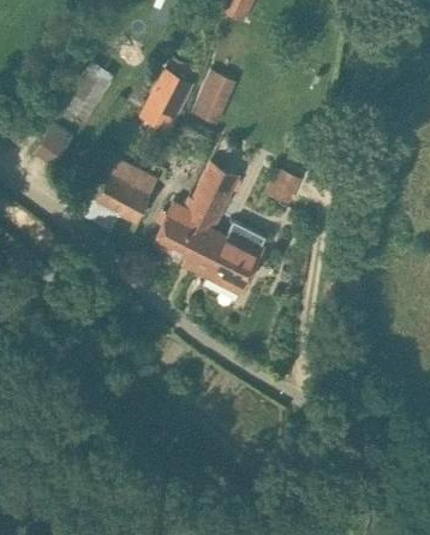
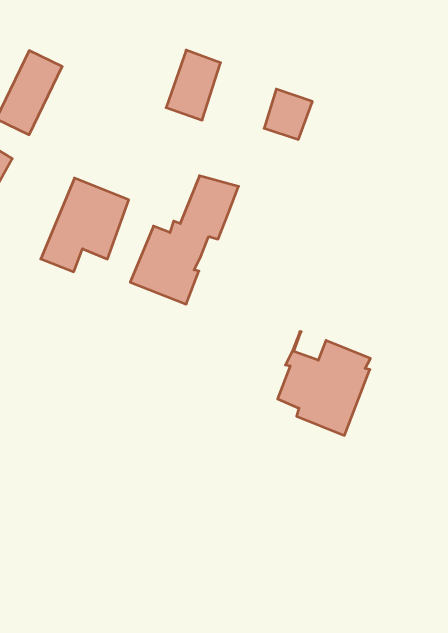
building: [139,70,192,129] -> none
building: [265,164,304,203] -> [264,89,312,139]
building: [192,213,265,295] -> [278,332,370,435]

